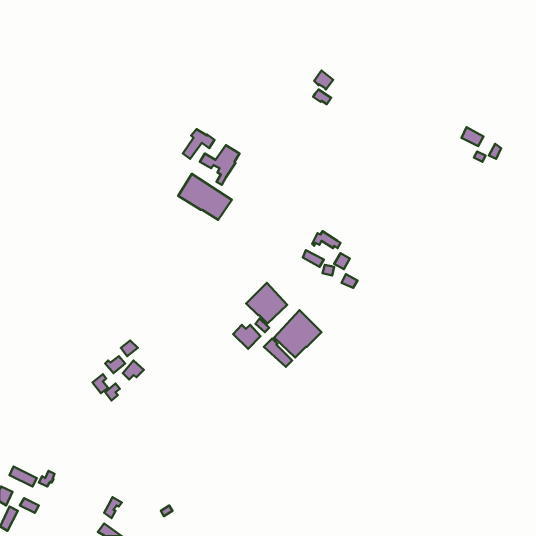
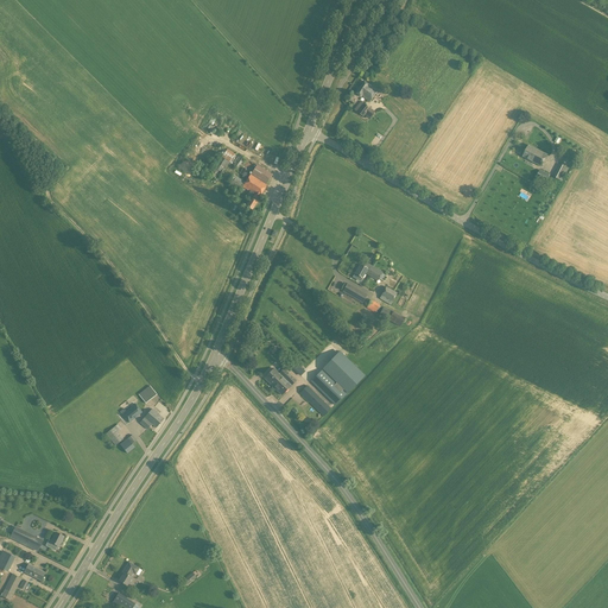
building: [178,174,232,220] -> none
building: [246,283,287,324] -> none

